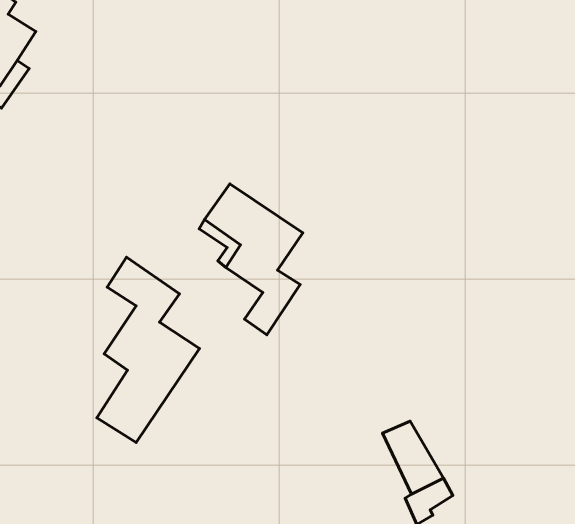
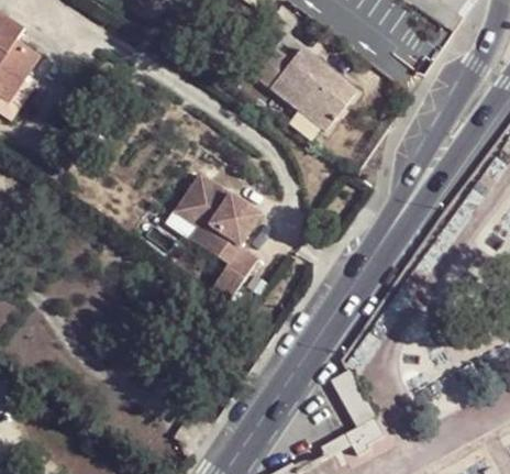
building: none -> [258,47,358,131]
building: [97,257,199,443] -> none

